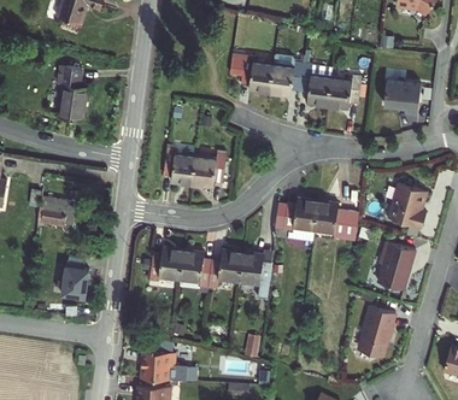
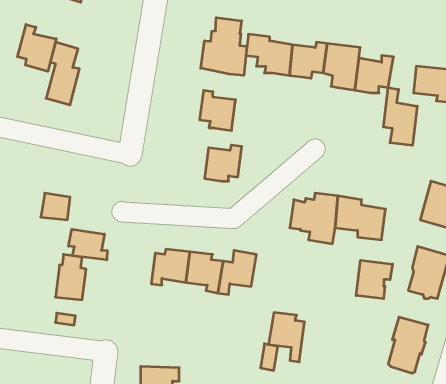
building: none -> [201,18,247,75]
building: none -> [18,24,56,71]
building: none -> [383,88,417,145]
building: [165,147,198,183] -> [200,90,236,130]
building: none -> [69,229,107,260]
building: [236,252,269,296] -> [269,313,305,362]
building: none -> [356,260,393,299]

